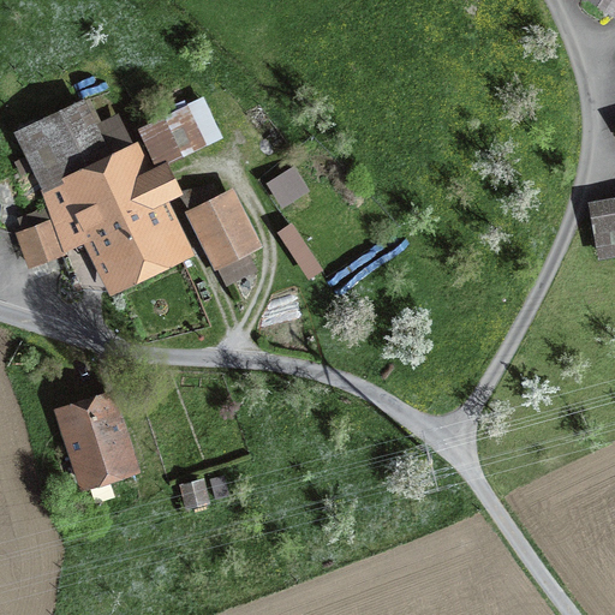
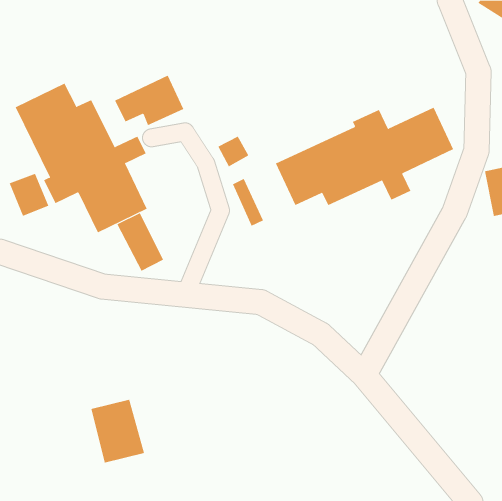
building: none -> [275,107,454,206]
building: [186,197,244,269] -> [117,212,164,272]
building: [62,405,129,483] -> [91,399,145,463]

